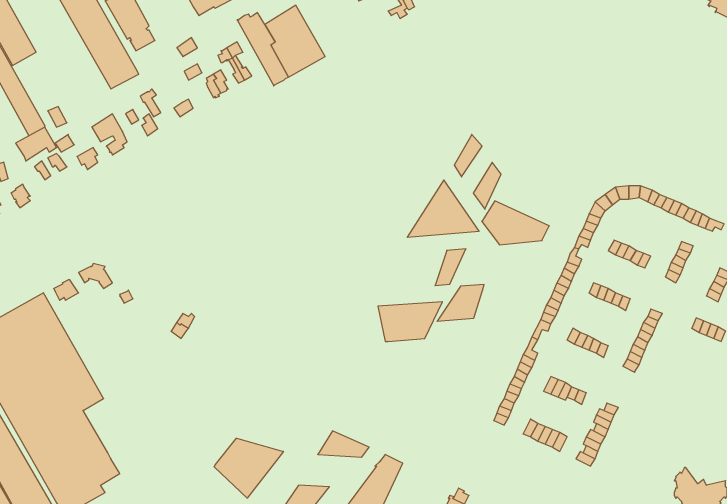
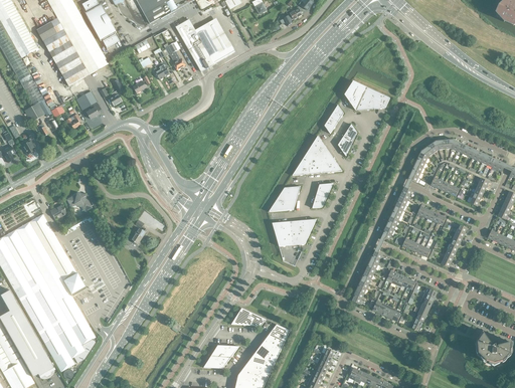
building: none -> [36,17,89,85]
building: [482,201,549,245] -> [343,80,389,111]
building: [437,285,484,321] -> [268,186,300,211]
building: [214,438,283,498] -> none

